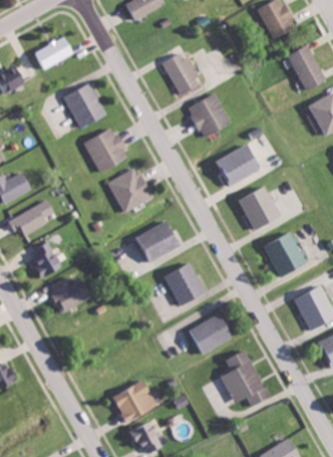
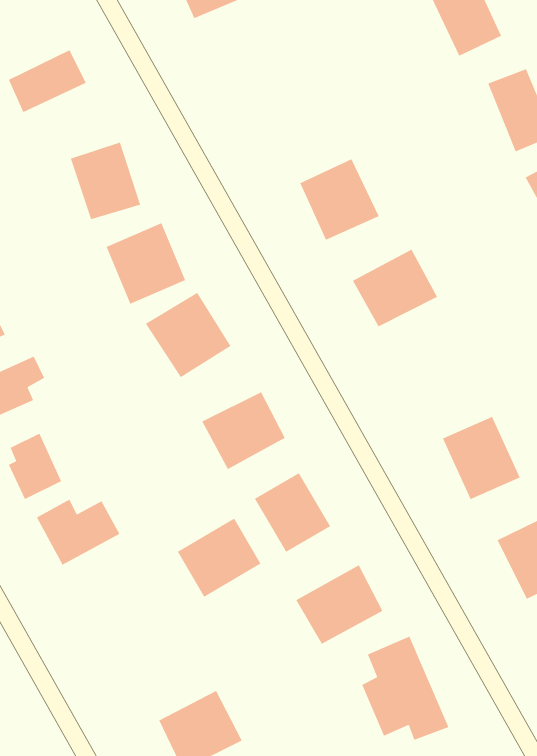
building: [162,51,199,96] -> none
building: [239,186,279,229] -> none
building: none -> [177,518,261,598]

